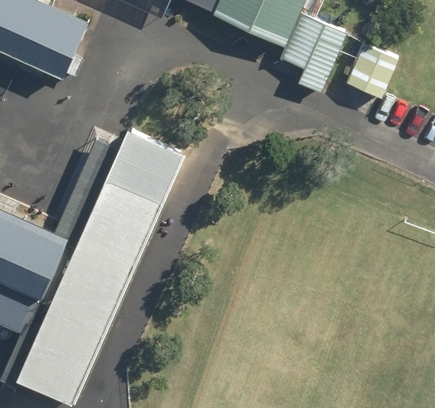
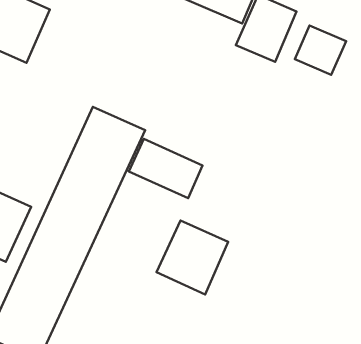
building: none -> [129,139,203,198]
building: none -> [157,220,228,294]

